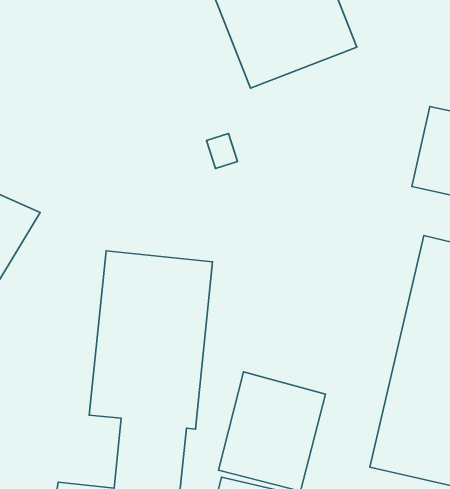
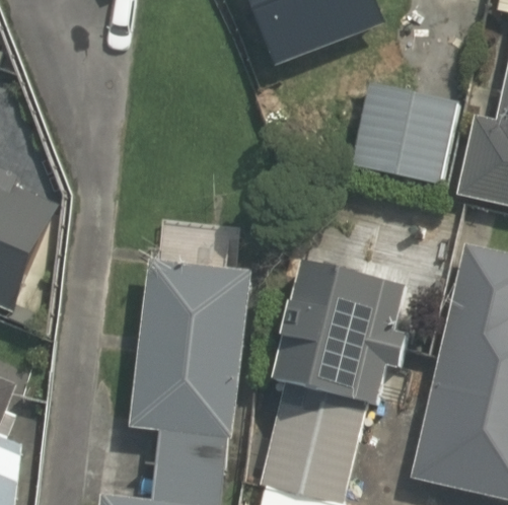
building: none -> [349,82,458,184]
building: none -> [271,260,409,406]

